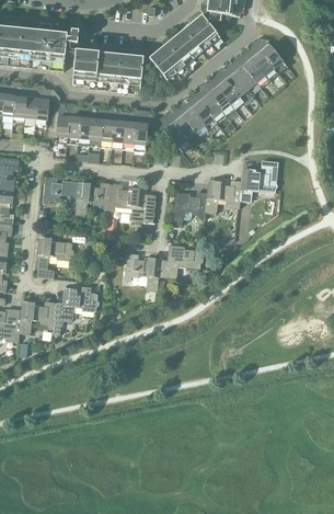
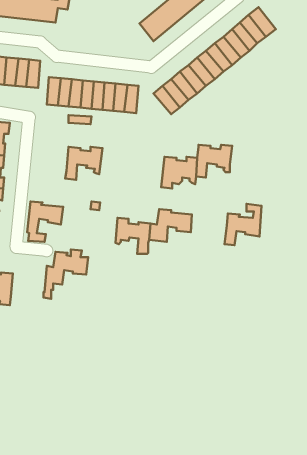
building: [73,50,143,79] -> none
building: [240,159,277,201] -> [225,204,262,245]
building: [43,176,78,206] -> none
building: [108,183,156,221] -> none
building: [20,300,56,333] -> none

